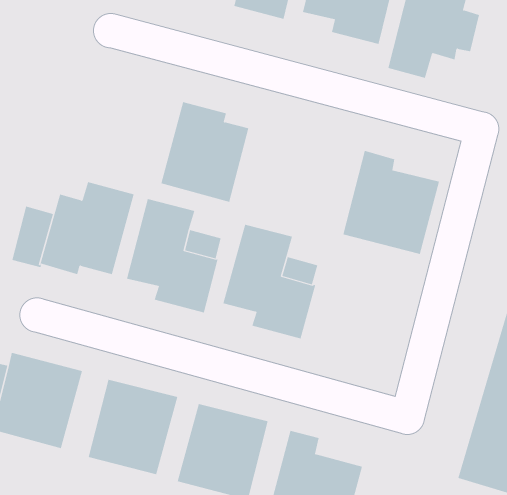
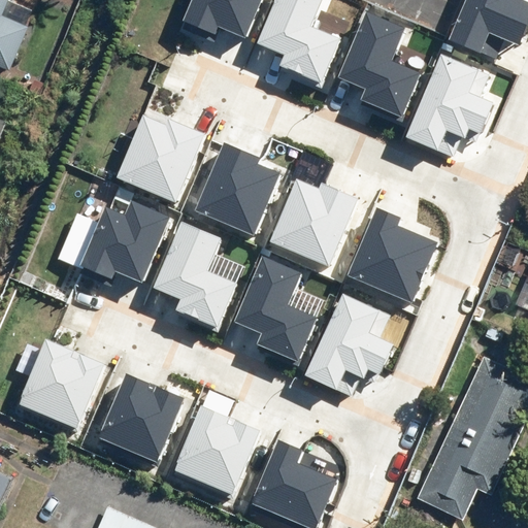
building: none -> [117,116,205,203]
building: none -> [269,179,357,267]
building: none -> [304,293,393,390]

